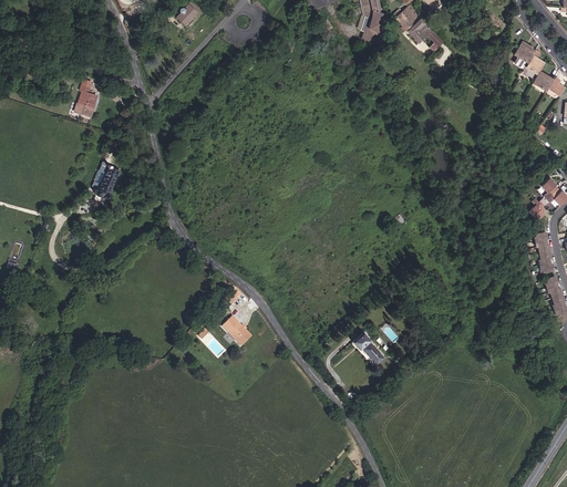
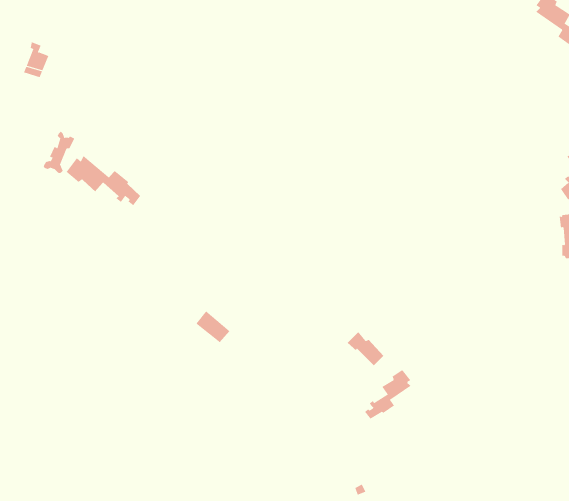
building: none -> [66,155,141,206]
building: none -> [364,369,412,420]

